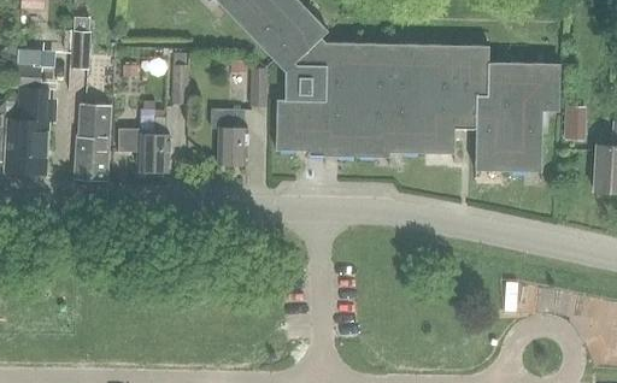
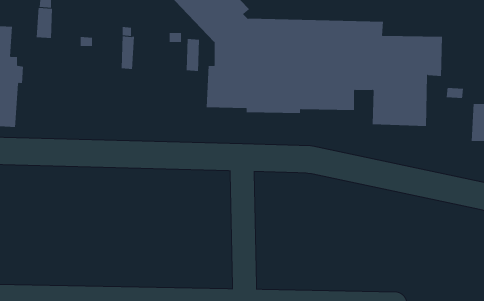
building: [77,105,110,179] -> none
building: [117,107,169,172] -> none
building: [211,108,247,165] -> none

